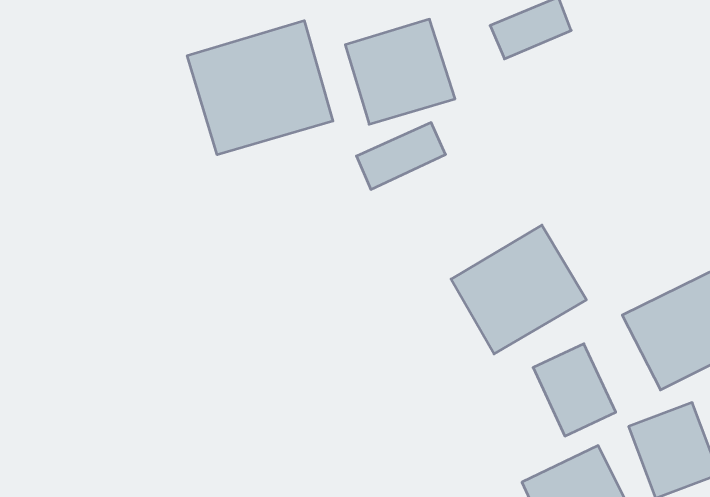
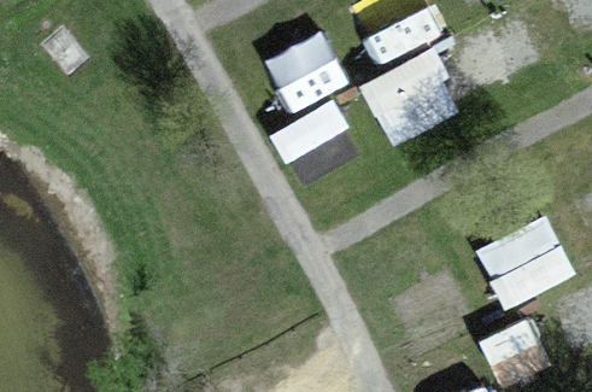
building: [187,21,333,155] -> none
building: [451,225,586,354] -> [361,48,463,146]

